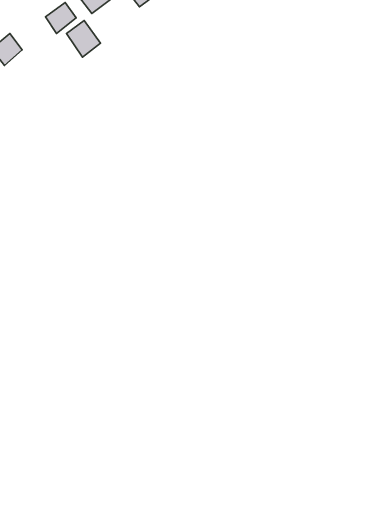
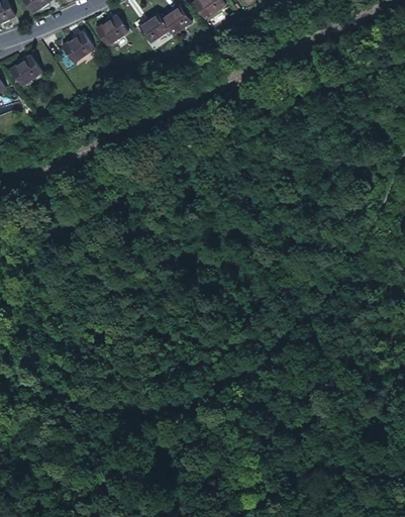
building: [66,20,101,57] -> none

